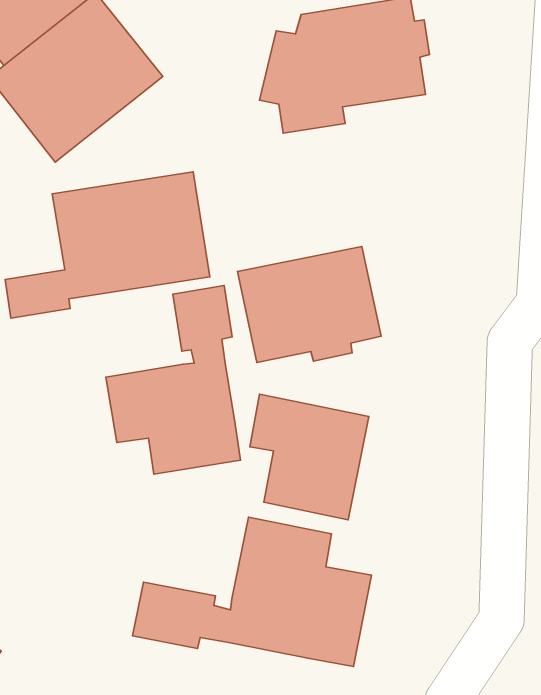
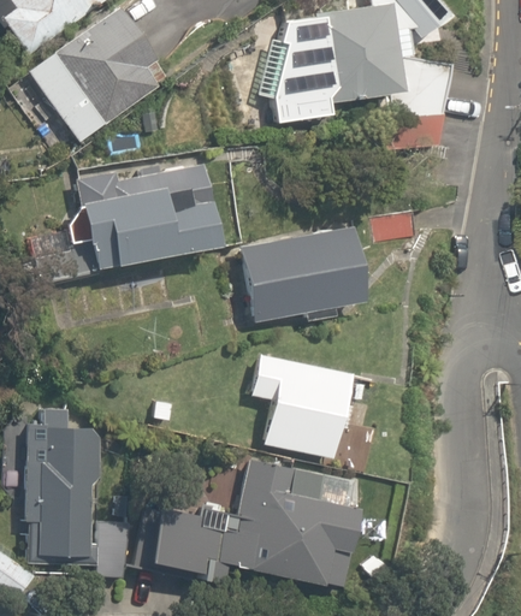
building: [106,286,241,474] -> none
building: none -> [42,427,106,558]

